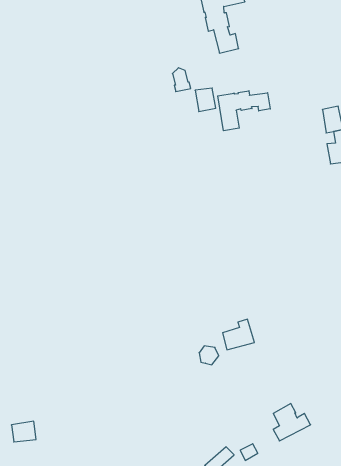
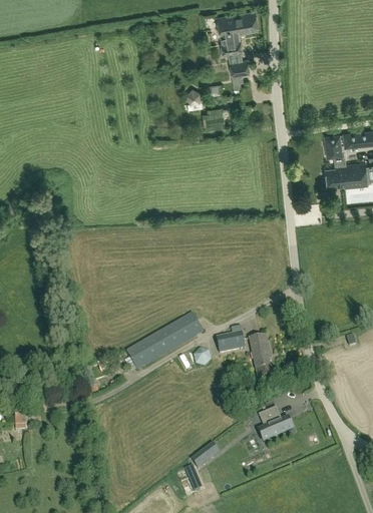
building: [218,91,270,131] -> none
building: none -> [127,314,203,371]
building: none -> [249,336,273,379]

